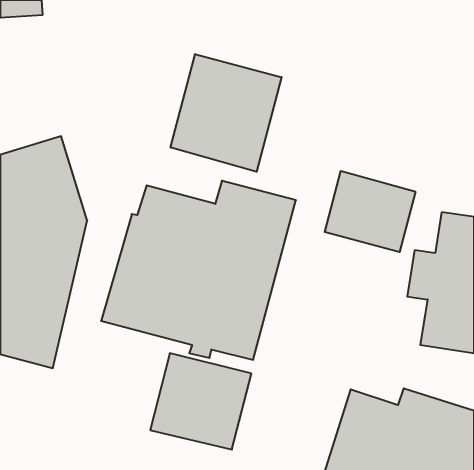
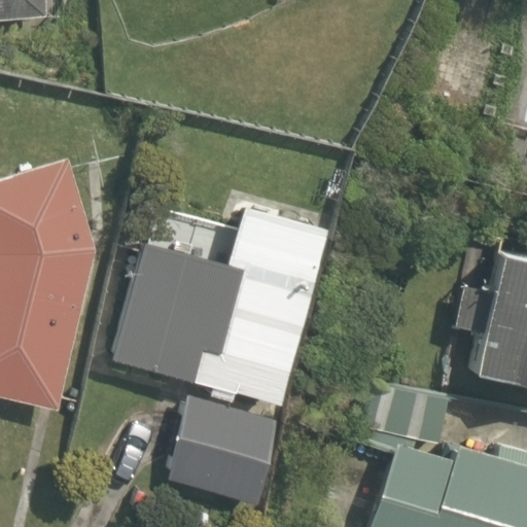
building: [171,54,282,172] -> none
building: [325,171,415,252] -> none

